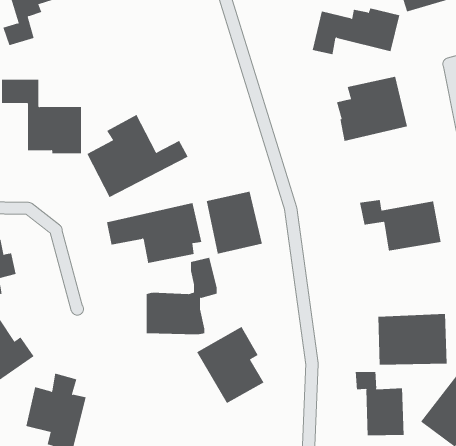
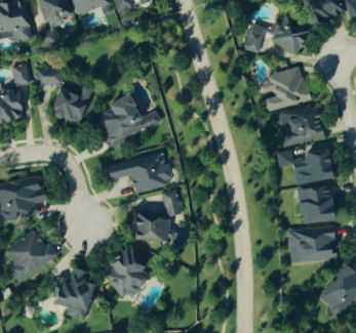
building: none -> [277,106,323,145]
building: [206,191,263,254] -> none
building: none -> [298,185,333,223]
building: [196,326,265,404] -> [102,247,148,299]
building: [355,371,404,436] -> none

